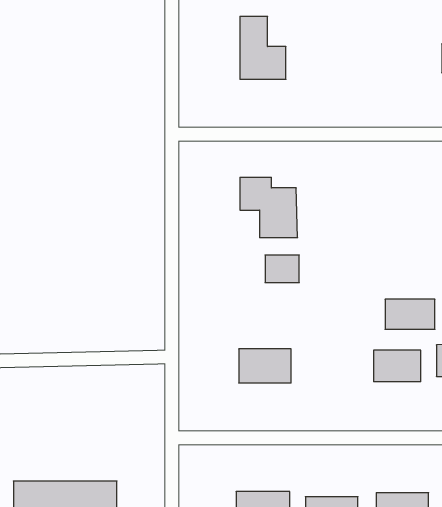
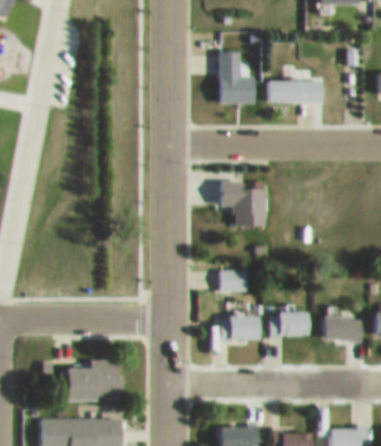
building: none -> [270,80,324,103]
building: [265,255,299,283] -> [218,270,245,292]
building: [385,299,435,329] -> [270,313,310,336]
building: none -> [64,359,124,399]

